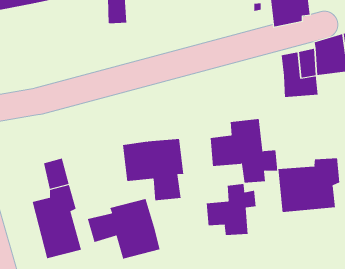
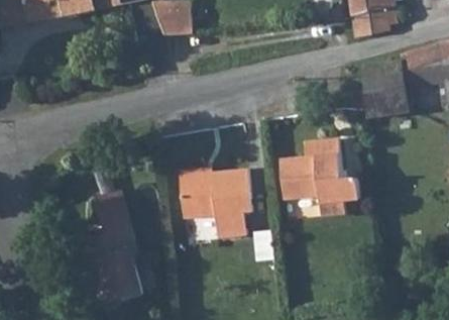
building: [278,157,340,213] -> none
building: [206,183,256,236] -> none
building: [87,198,160,260] -> none

